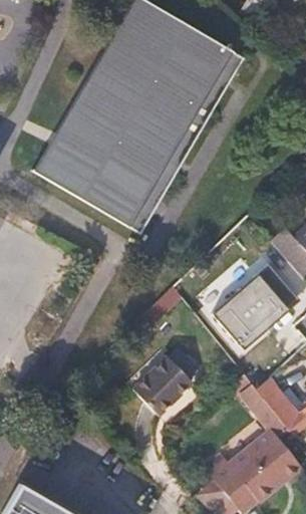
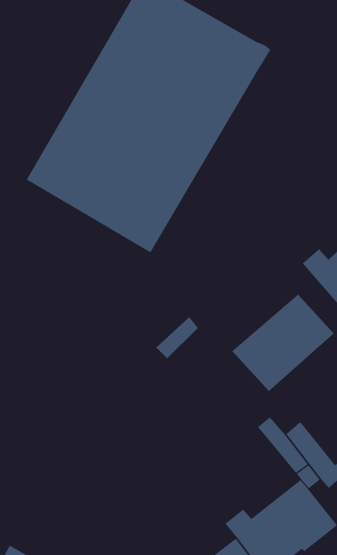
building: [133,356,192,416] -> none

